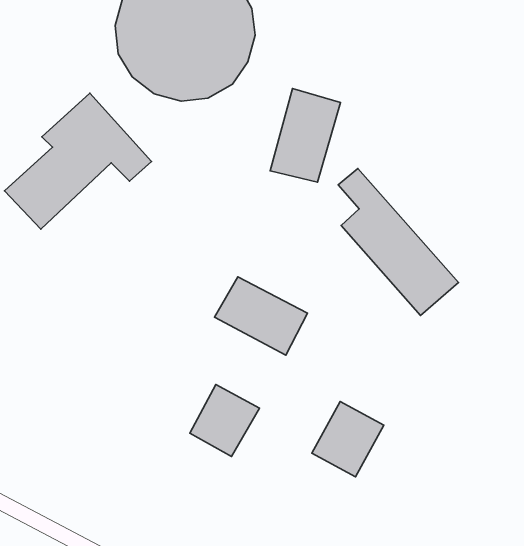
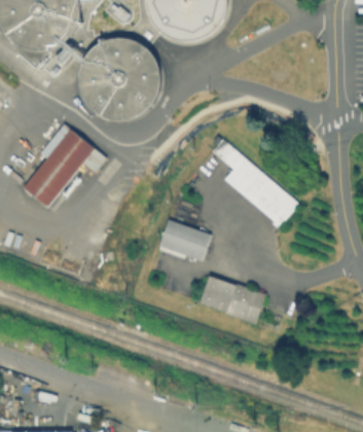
building: [270,89,340,182] -> none
building: [190,385,259,457] -> [199,276,239,317]

